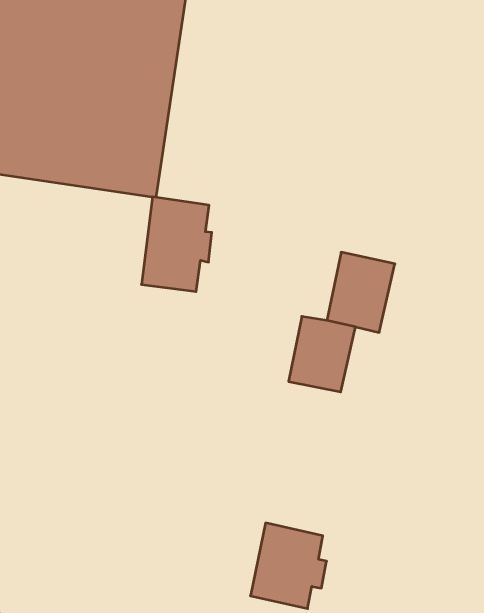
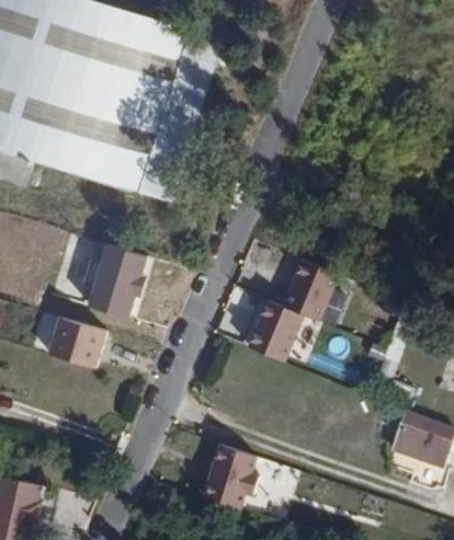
building: [141,197,212,292] -> [87,245,144,318]
building: none -> [45,315,102,368]

